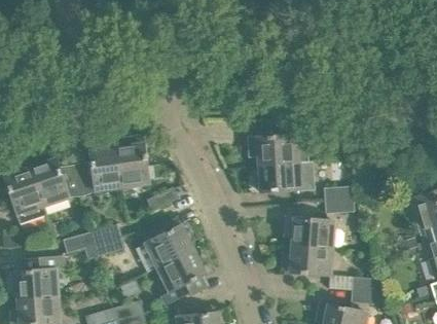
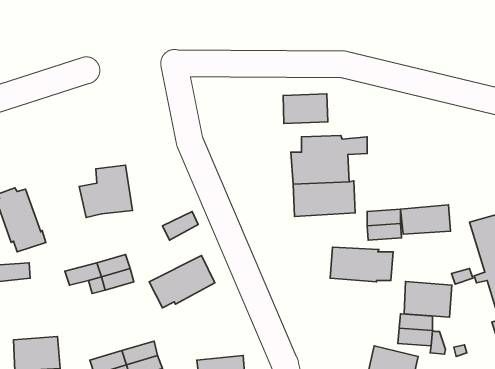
building: none -> [283,94,328,124]
building: [115,143,148,186] -> none
building: [29,158,81,205] -> none
building: none -> [400,205,450,234]
building: [291,245,332,276] -> [404,282,452,317]
building: [158,249,207,300] -> none
building: [12,255,64,298] -> none

